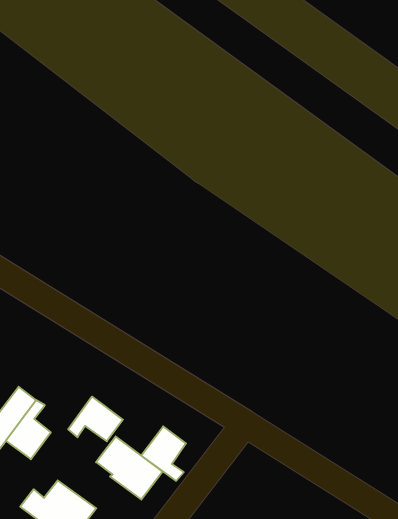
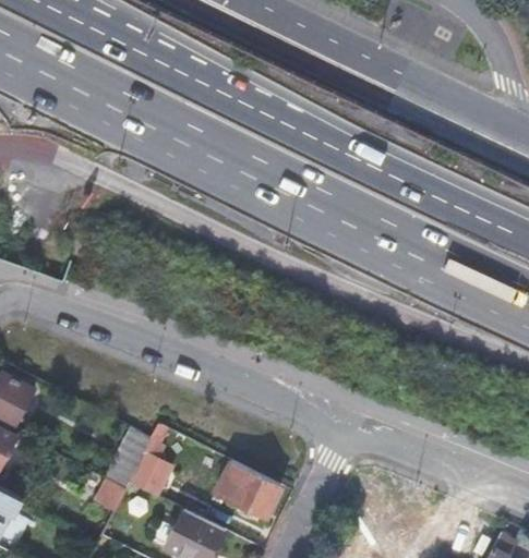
building: [68,397,123,441] -> none
building: [141,426,186,481] -> none

